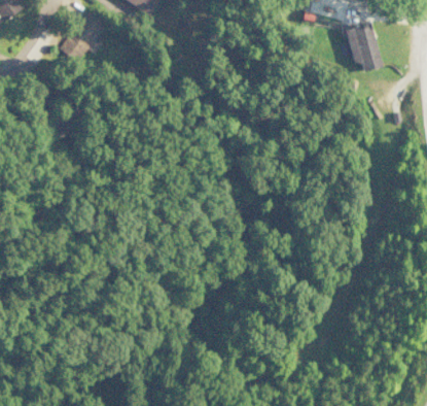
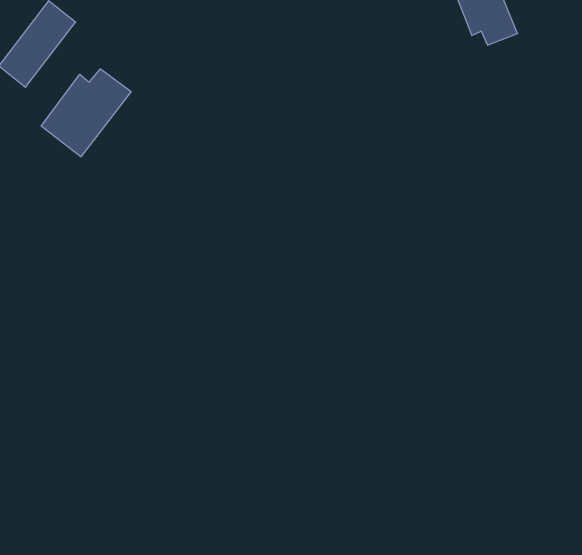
building: none -> [41,69,131,157]

